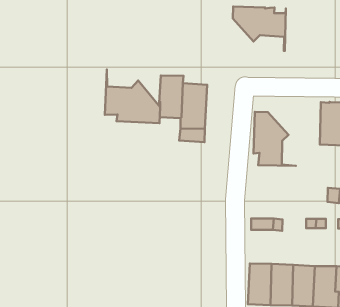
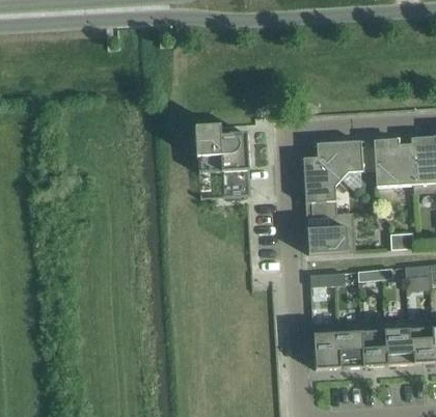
building: [233,6,286,51] -> [316,140,377,187]
building: [105,69,160,123] -> none
building: none -> [306,213,355,254]

